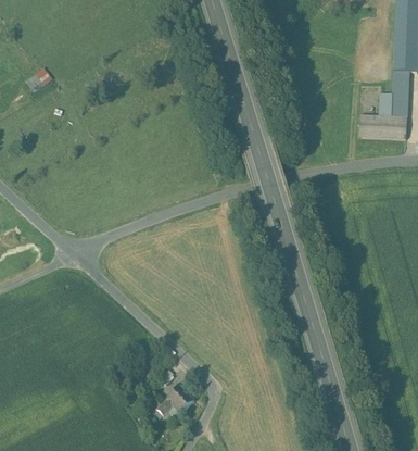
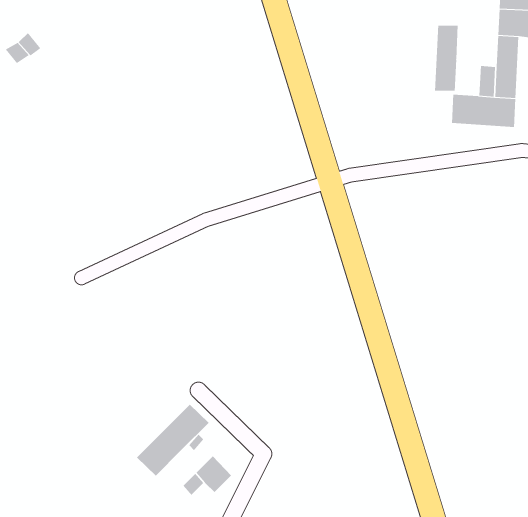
building: none -> [435,25,458,92]
building: none -> [136,404,210,476]

